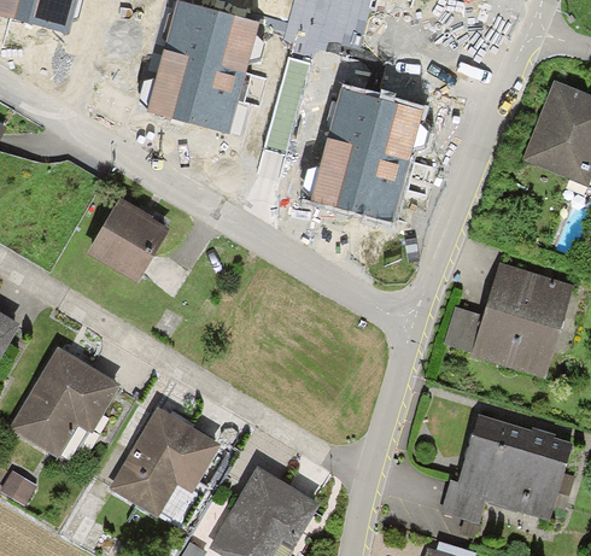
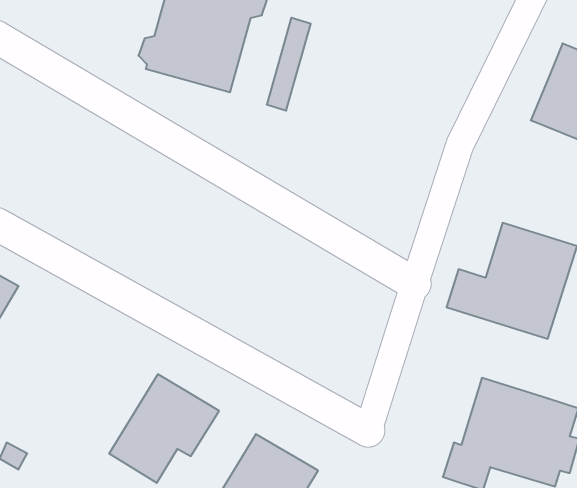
building: [303,87,428,220] -> none
building: [89,199,169,281] -> none
building: [14,350,119,450] -> none

